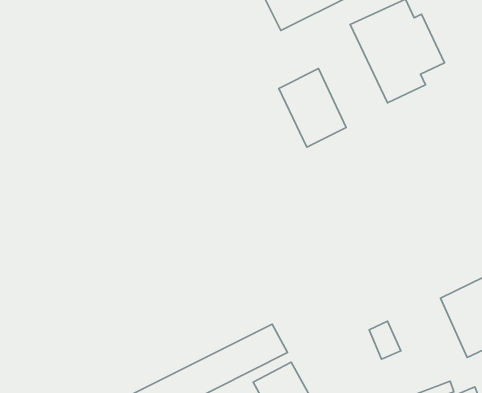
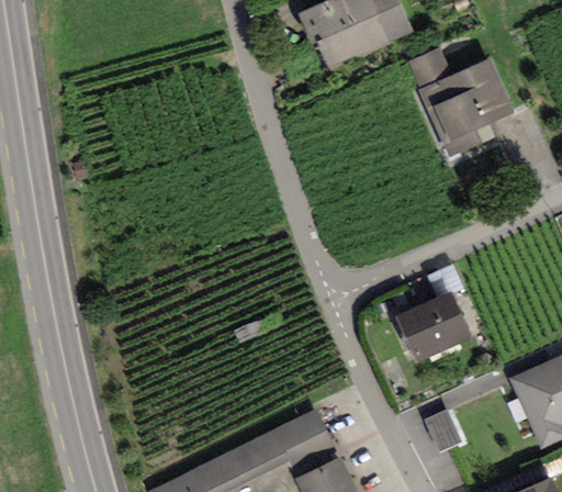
building: [279,69,346,147] -> none
building: none -> [394,290,469,360]

